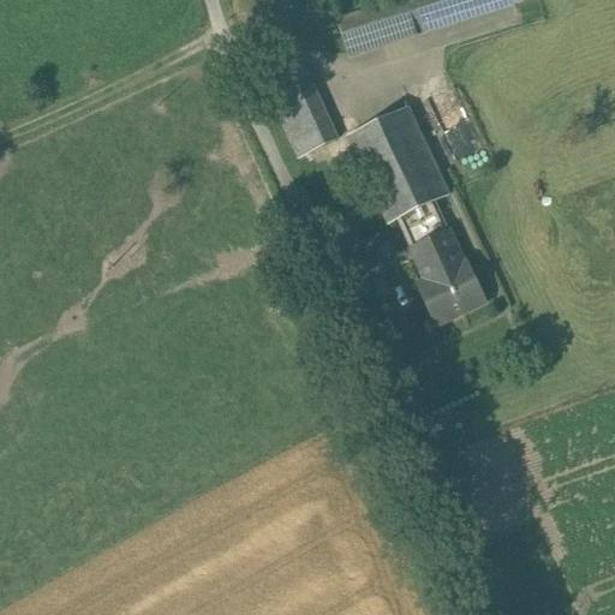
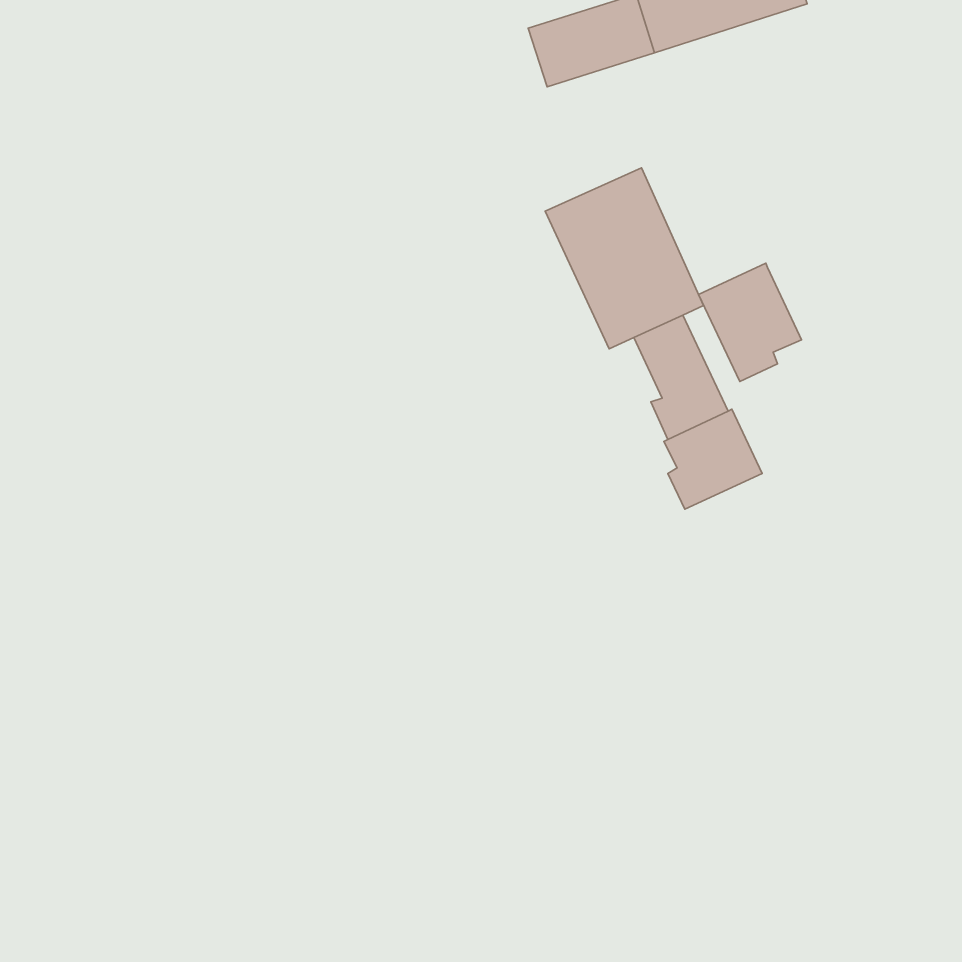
building: [267,65,338,156] -> none
building: none -> [699,263,802,381]

